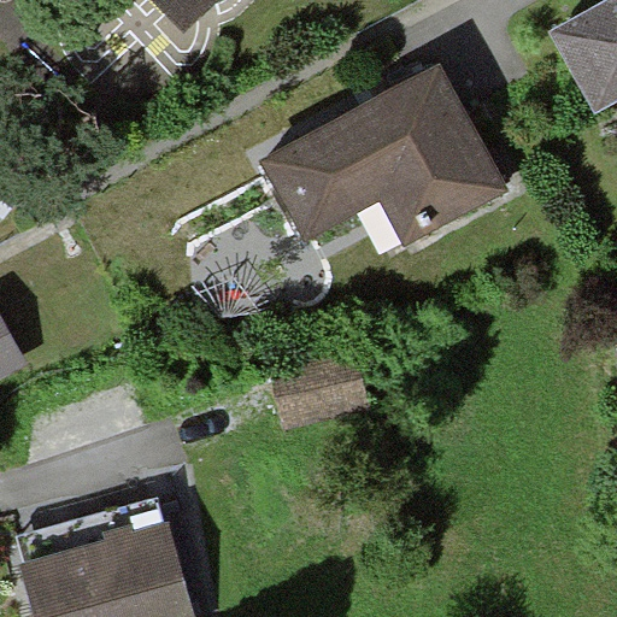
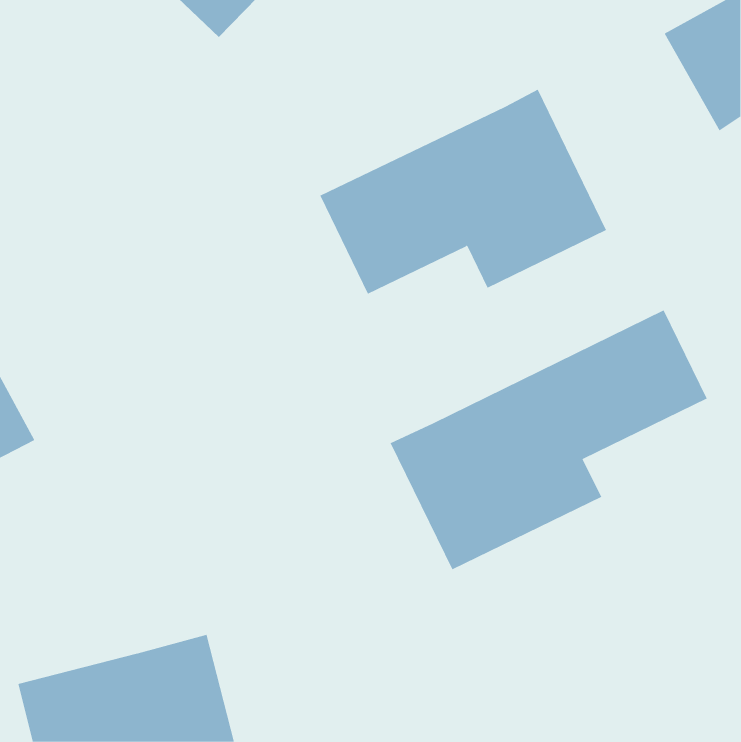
building: none -> [390,310,707,570]

